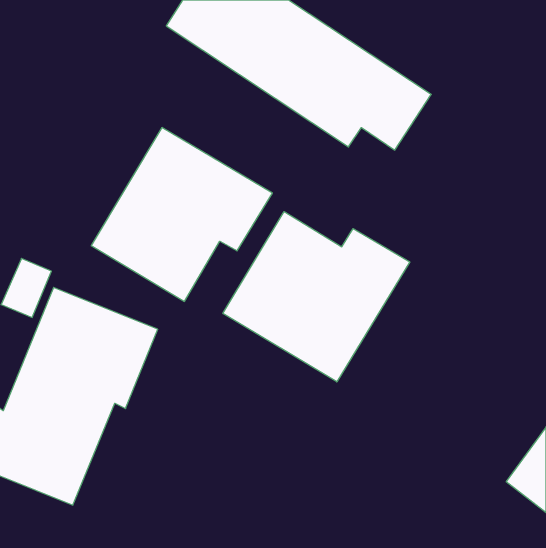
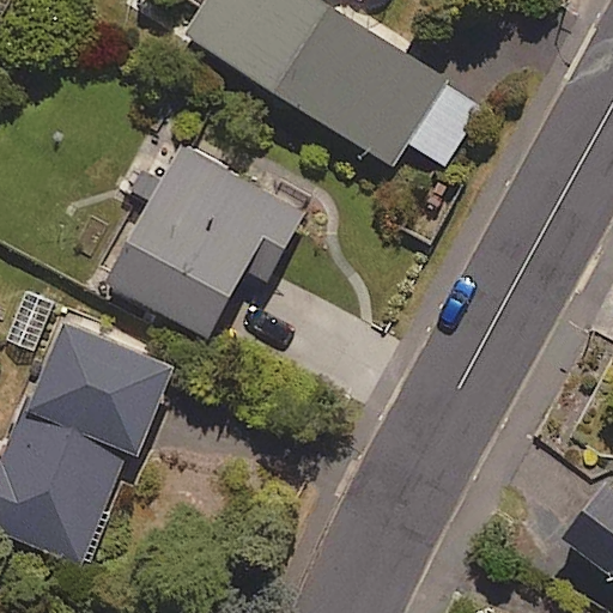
building: [223,212,410,382] -> none

